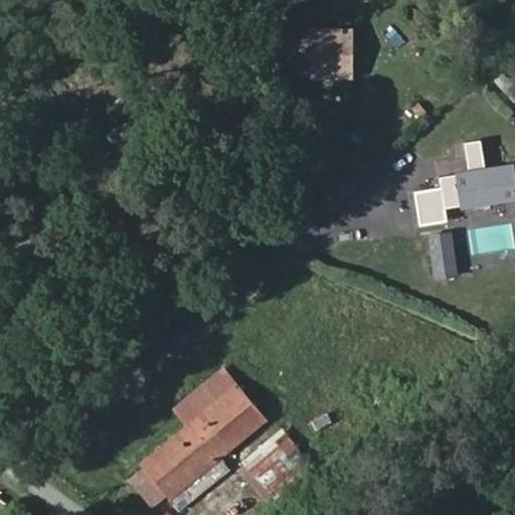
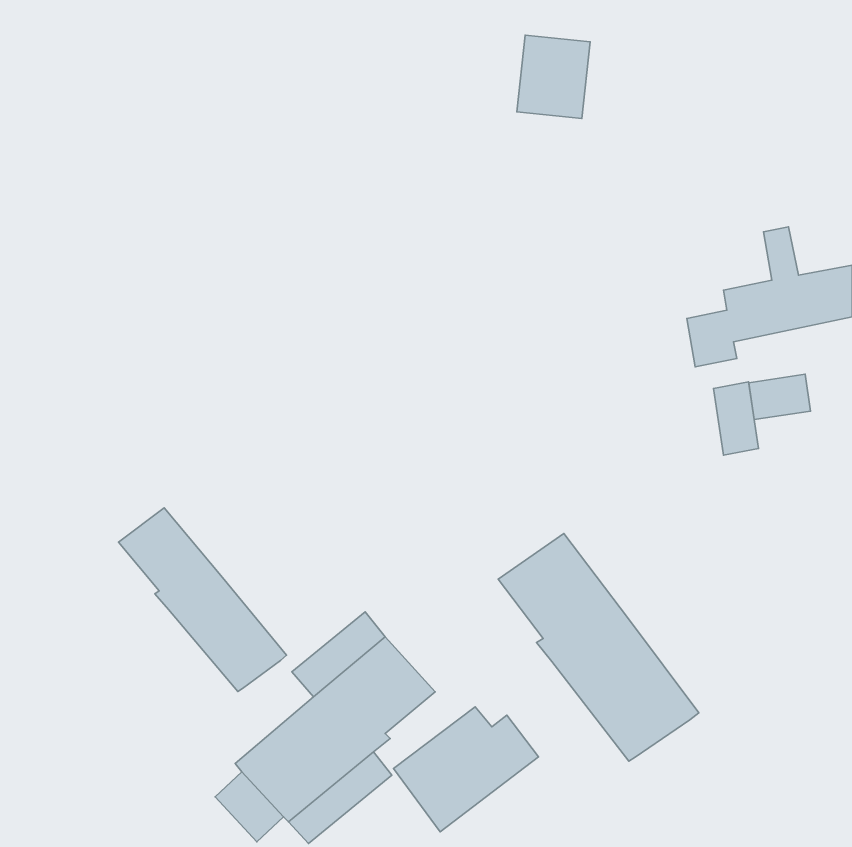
building: none -> [749,374,811,420]
building: none -> [118,508,287,691]
building: none -> [498,534,699,761]

